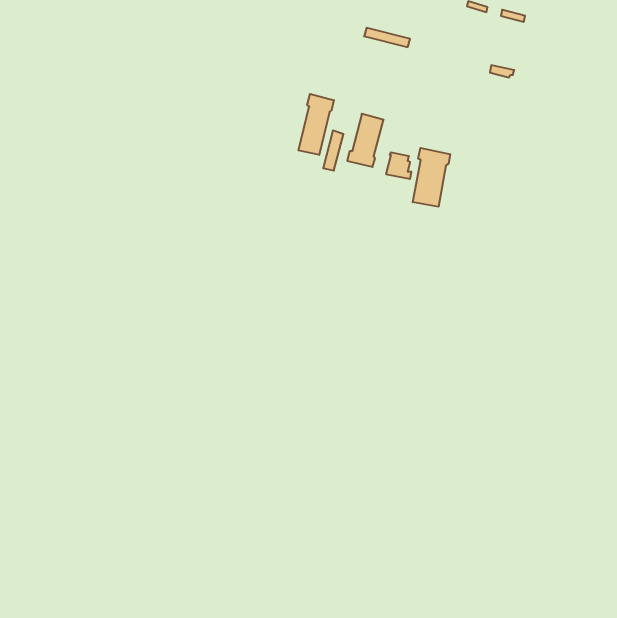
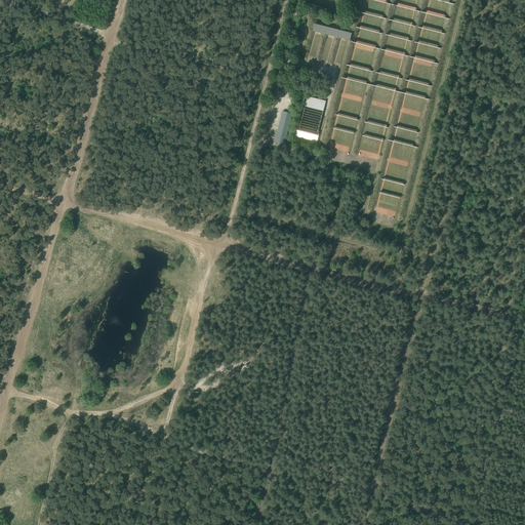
building: [298,94,334,155] -> none
building: [413,148,450,207] -> none

